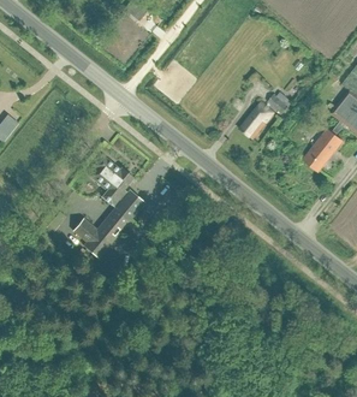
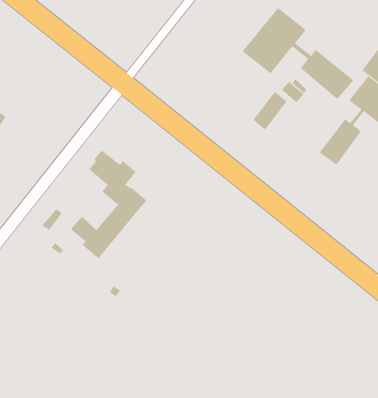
building: none -> [242,7,354,100]

